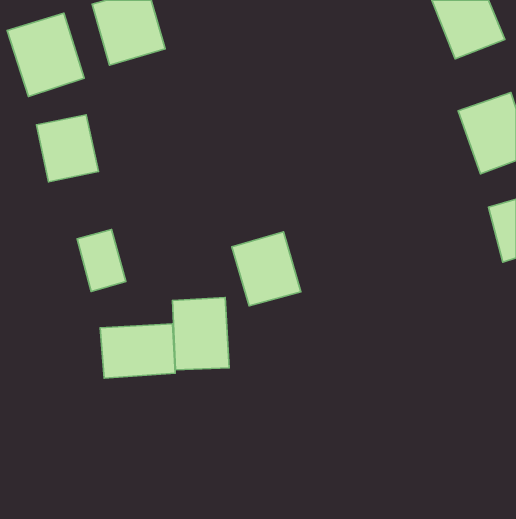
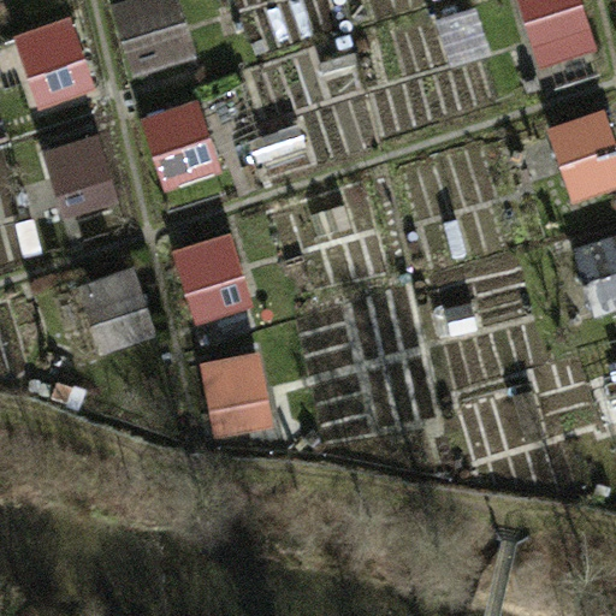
building: none -> [141,100,223,192]
building: [232,232,301,306] -> [168,230,250,318]
building: [100,324,175,378] -> none

